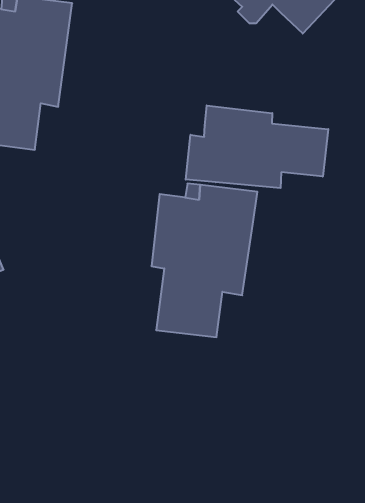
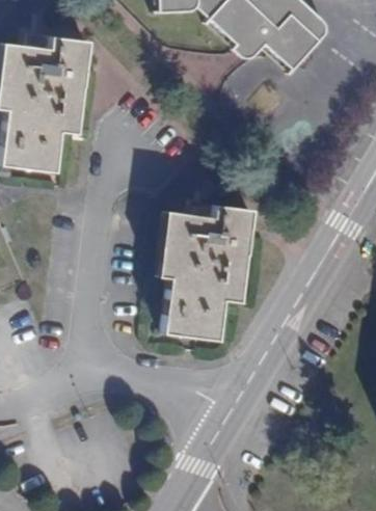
building: [186,105,328,188] -> none

